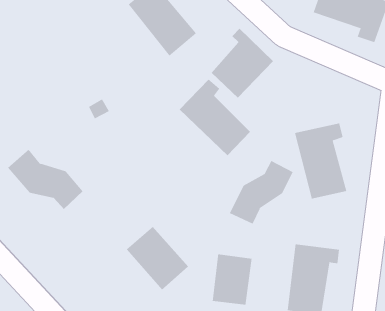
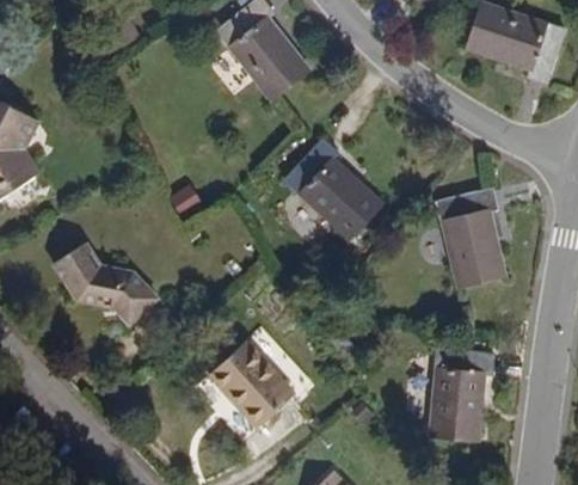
building: [211,28,274,99] -> none
building: [229,160,293,224] -> none
building: [212,253,252,305] -> none

